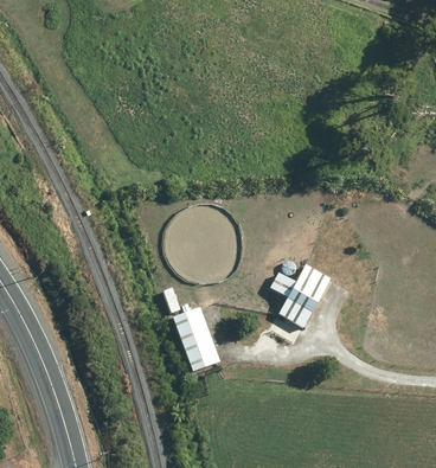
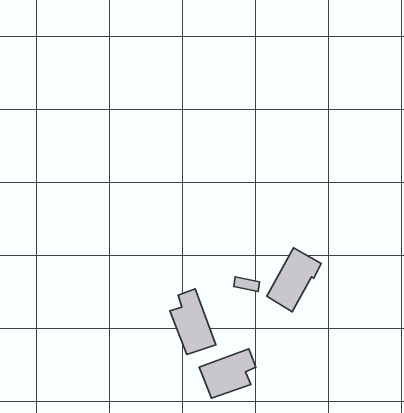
building: none -> [199,349,256,398]

